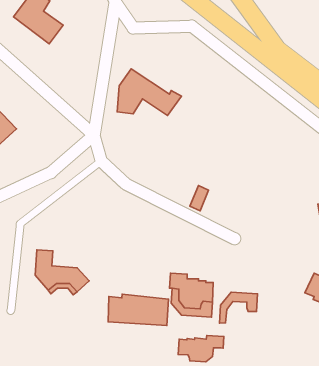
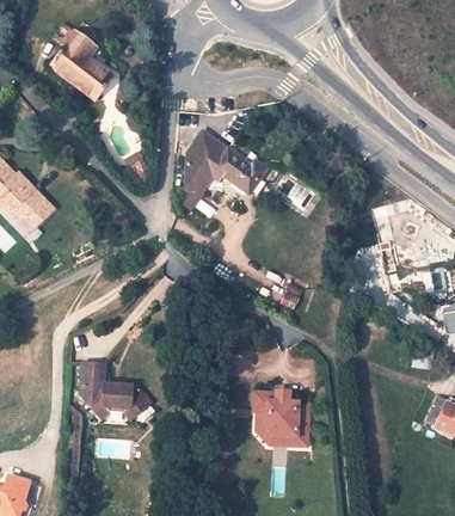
building: [220,292,258,323] -> none
building: [108,294,168,325] -> none
building: [178,336,224,362] -> none

